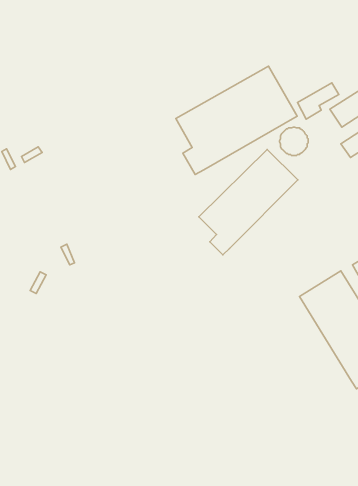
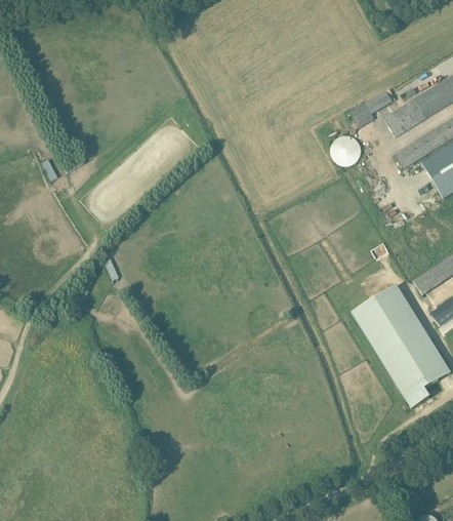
building: [176,66,297,175] -> none
building: [199,149,298,255] -> none

